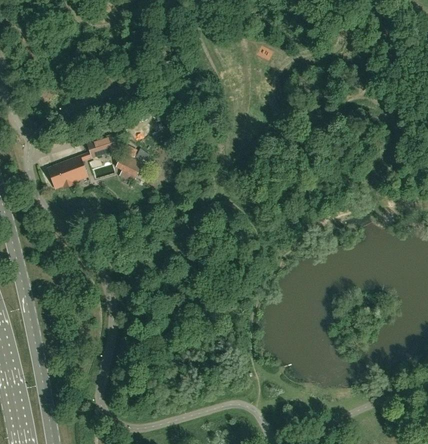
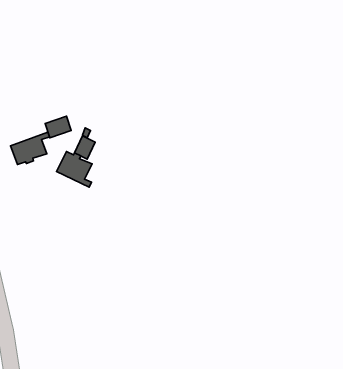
building: none -> [57,152,92,187]

